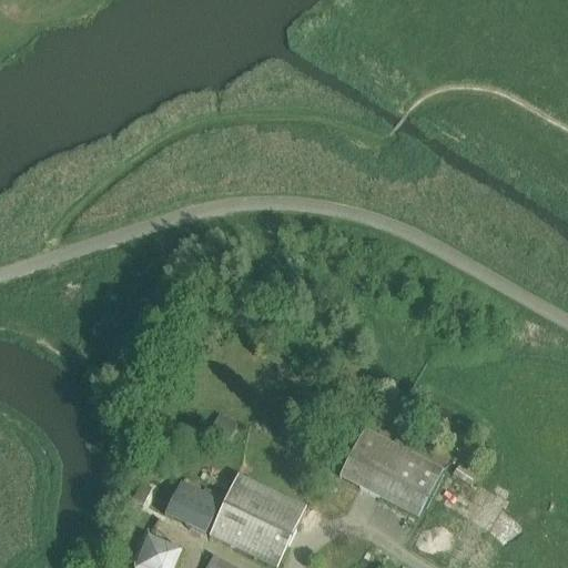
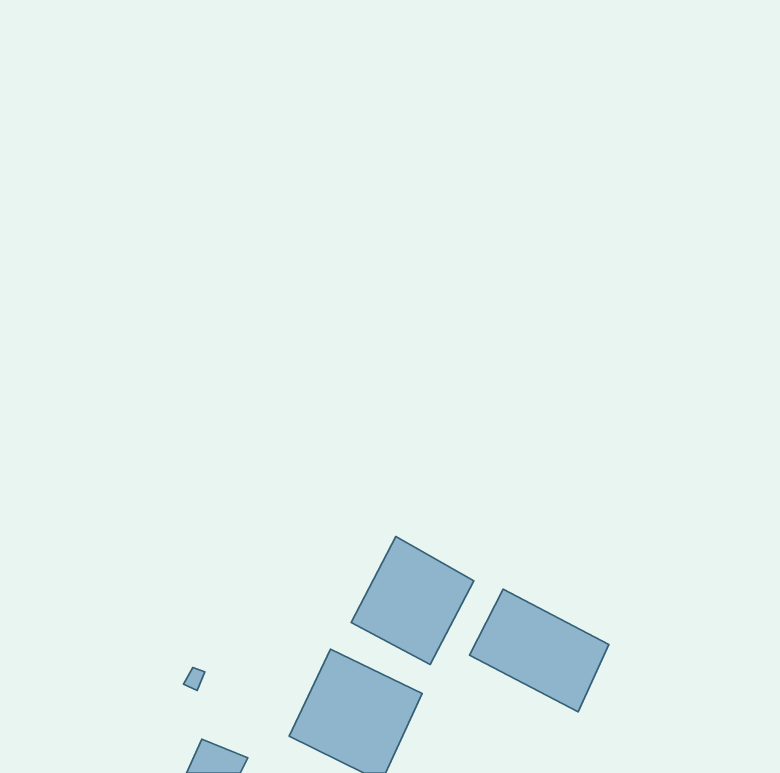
building: none -> [351,537,474,664]
building: [164,479,221,530] -> none

